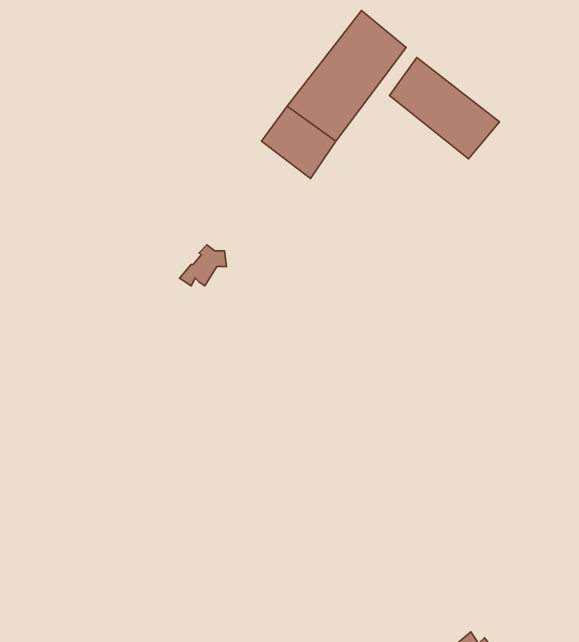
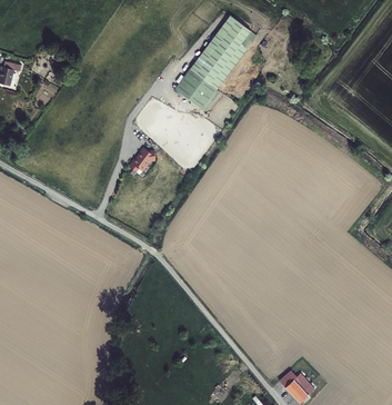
building: [389,58,500,159] -> none

